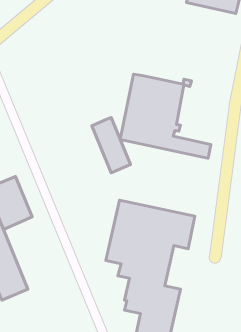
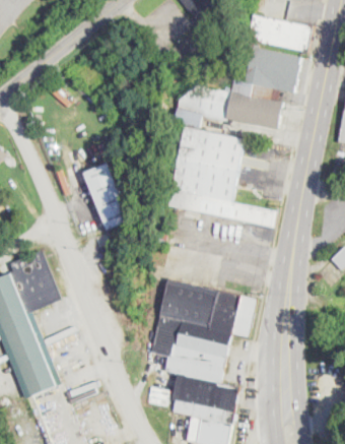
building: none -> [169,43,301,128]
building: [92,117,130,173] -> [83,163,130,230]

